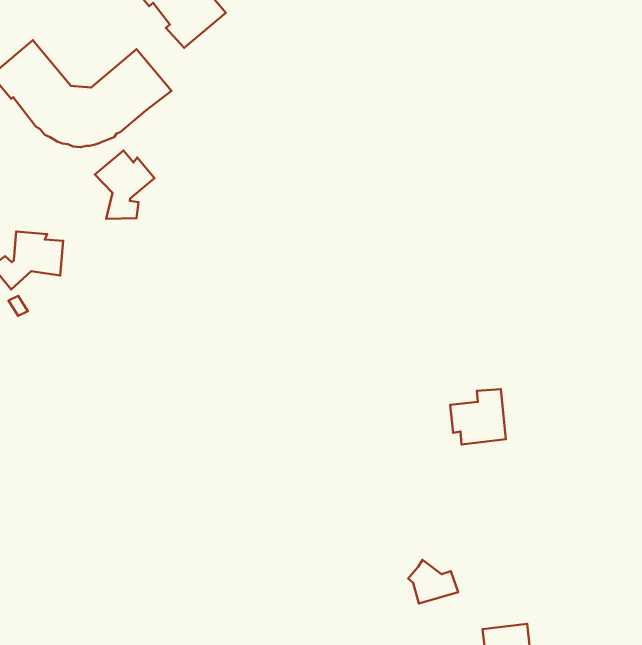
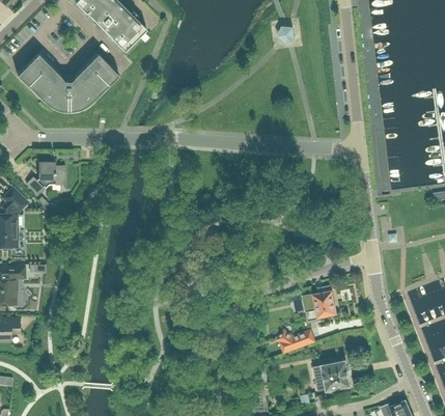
building: [95,150,154,219] -> none
building: [450,389,506,444] -> [303,284,336,317]

